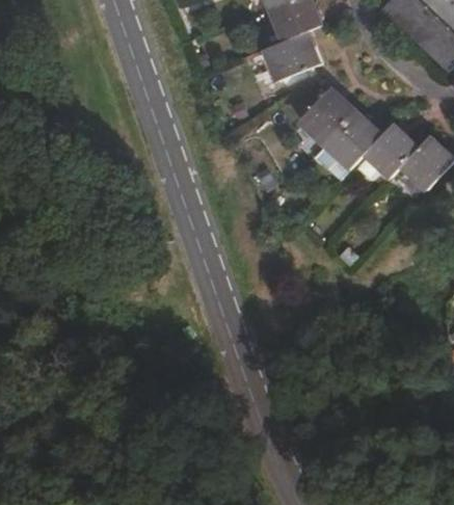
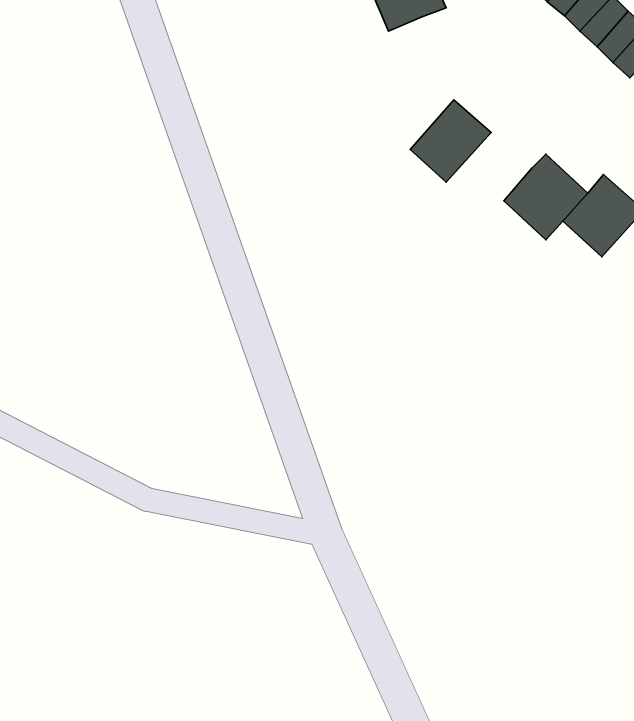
building: [265,31,320,82] -> none
building: [323,108,380,166] -> none

